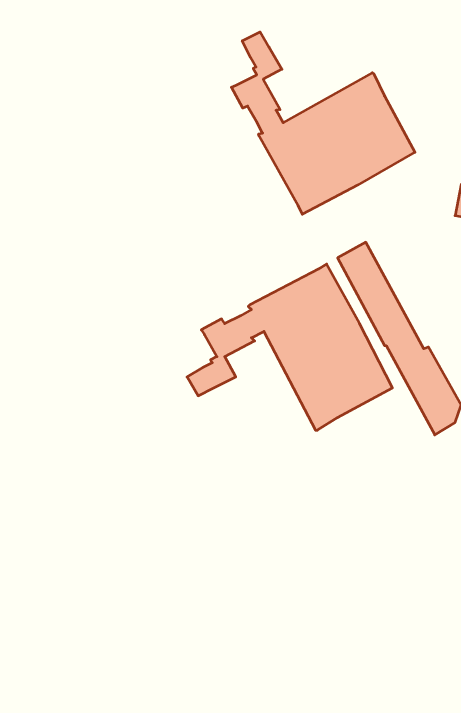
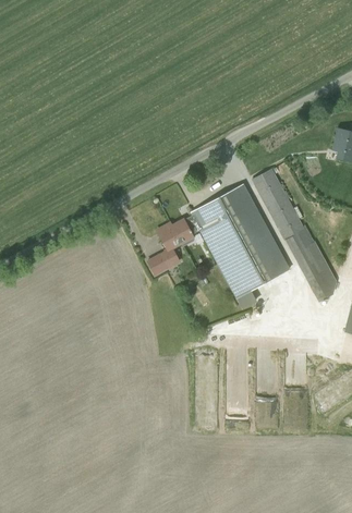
building: [231,32,415,214] -> none

